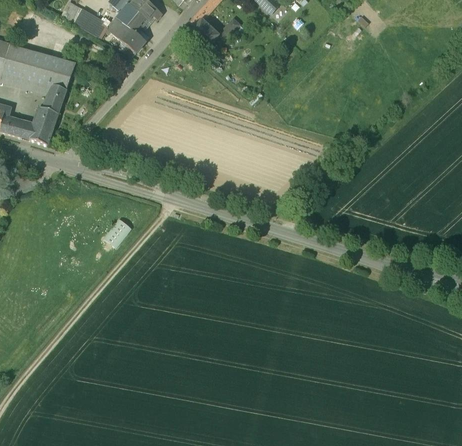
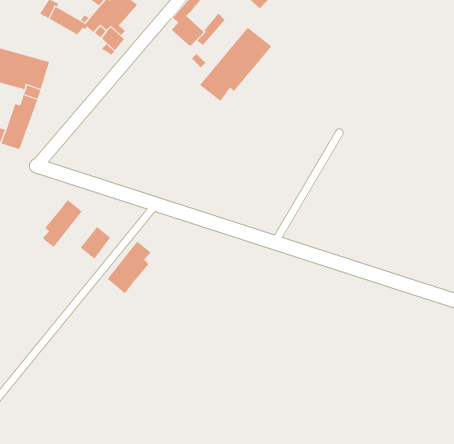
building: none -> [199,27,272,102]
building: none -> [42,199,82,248]
building: none -> [107,241,152,294]

